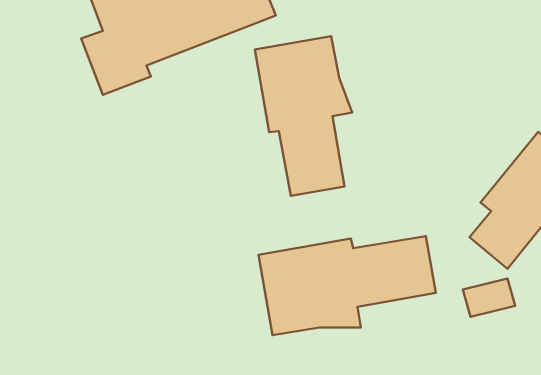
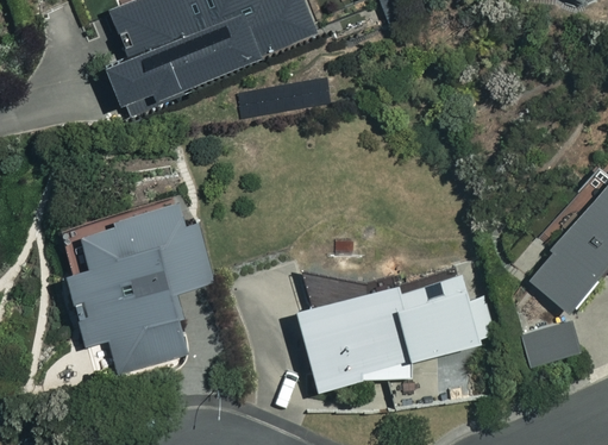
building: [255,36,352,196] -> none
building: none -> [65,201,212,374]

